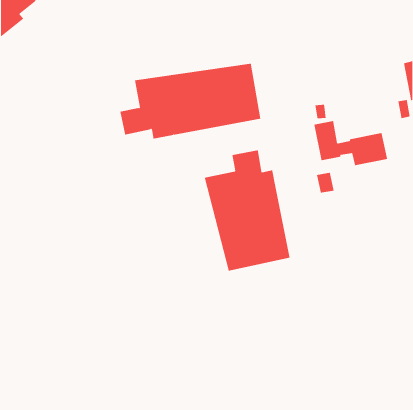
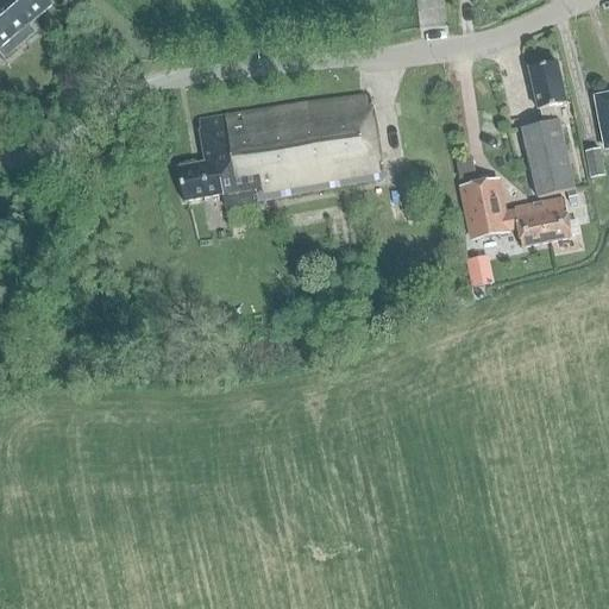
building: none -> [521,58,573,194]
building: [204,150,290,272] -> none

